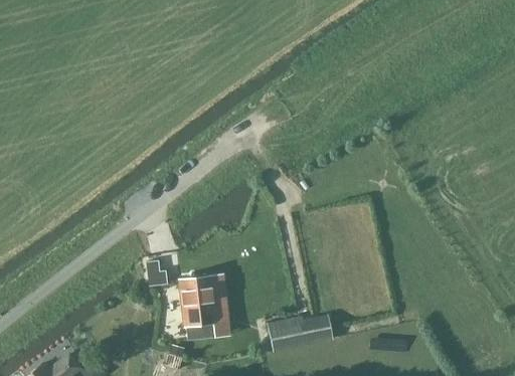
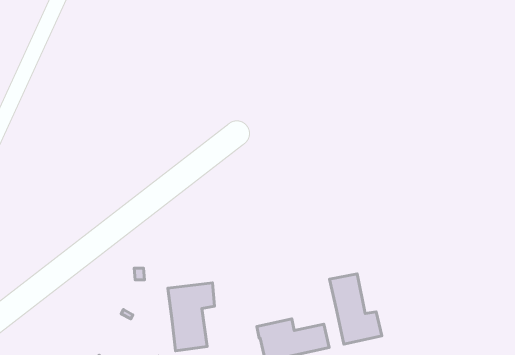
building: none -> [330,274,382,344]

